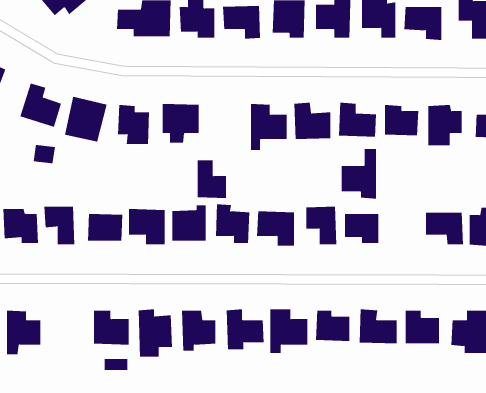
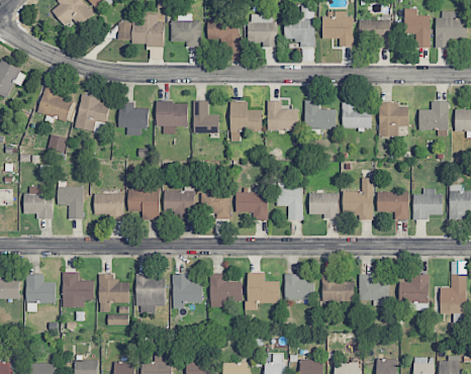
building: [341,148,377,199] -> [343,178,373,220]
building: [197,160,227,199] -> [194,101,219,133]
building: none -> [63,272,94,307]

